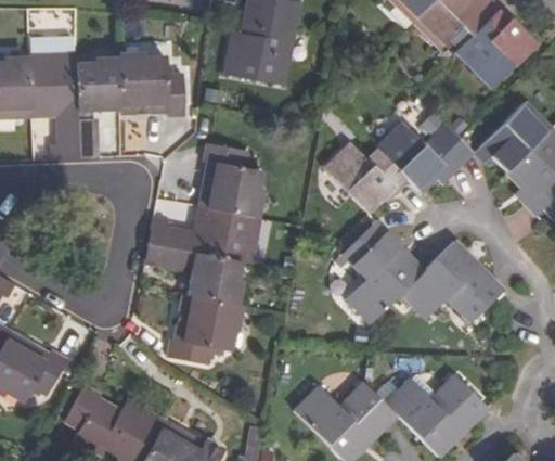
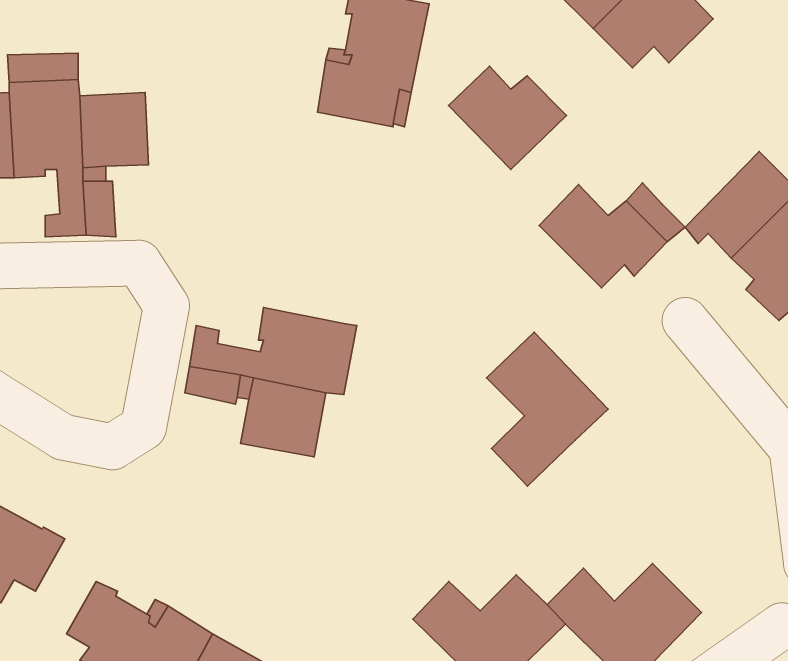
building: [465,14,535,87] -> none
building: [119,56,185,115] -> none
building: [197,144,260,216] -> none
building: [327,144,405,213] -> [448,66,567,170]
building: [403,241,504,323] -> none
building: [167,294,236,363] -> none

